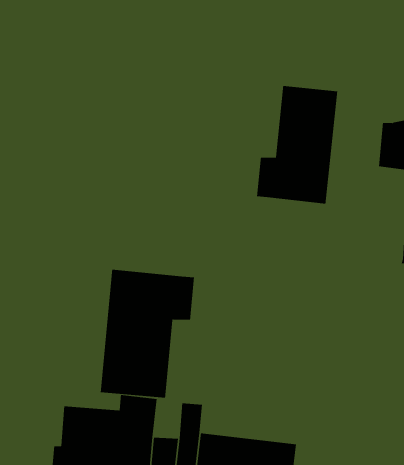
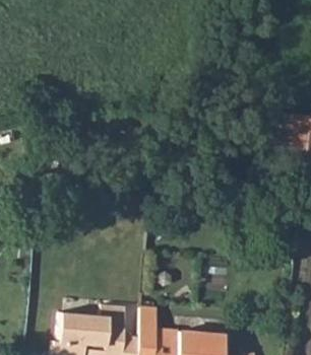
building: [256,85,338,204] -> none
building: [100,269,194,398] -> none

